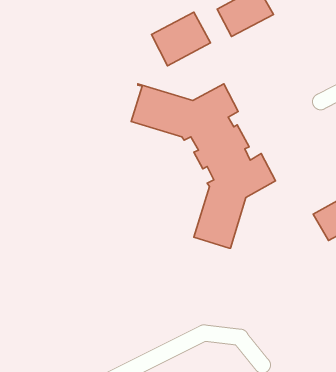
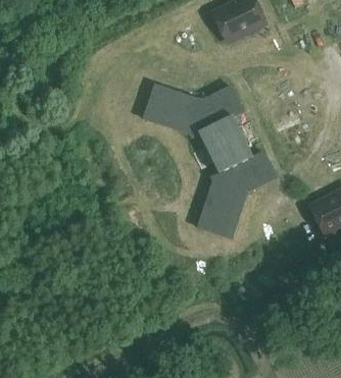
building: [151,12,211,66] -> none

